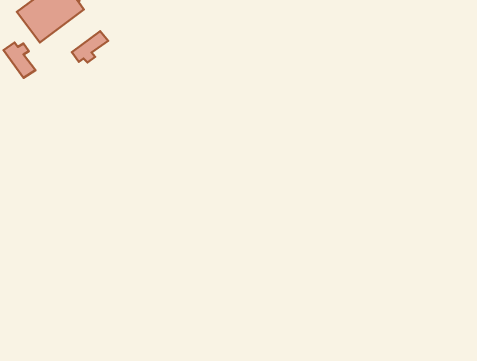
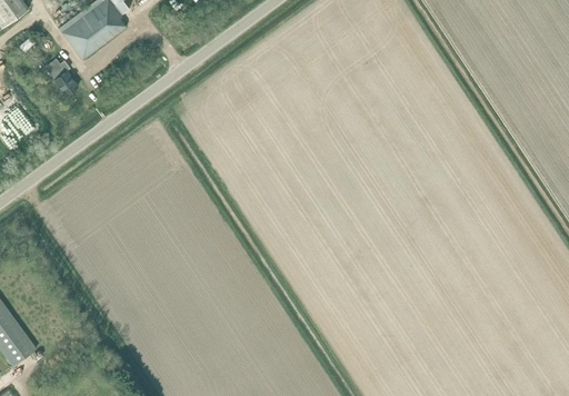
building: [72,31,108,63] -> none

